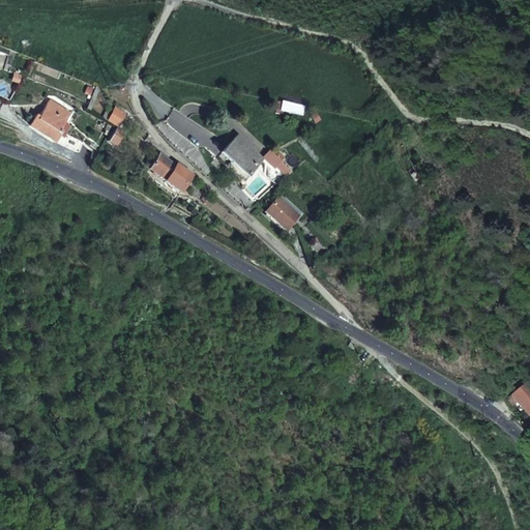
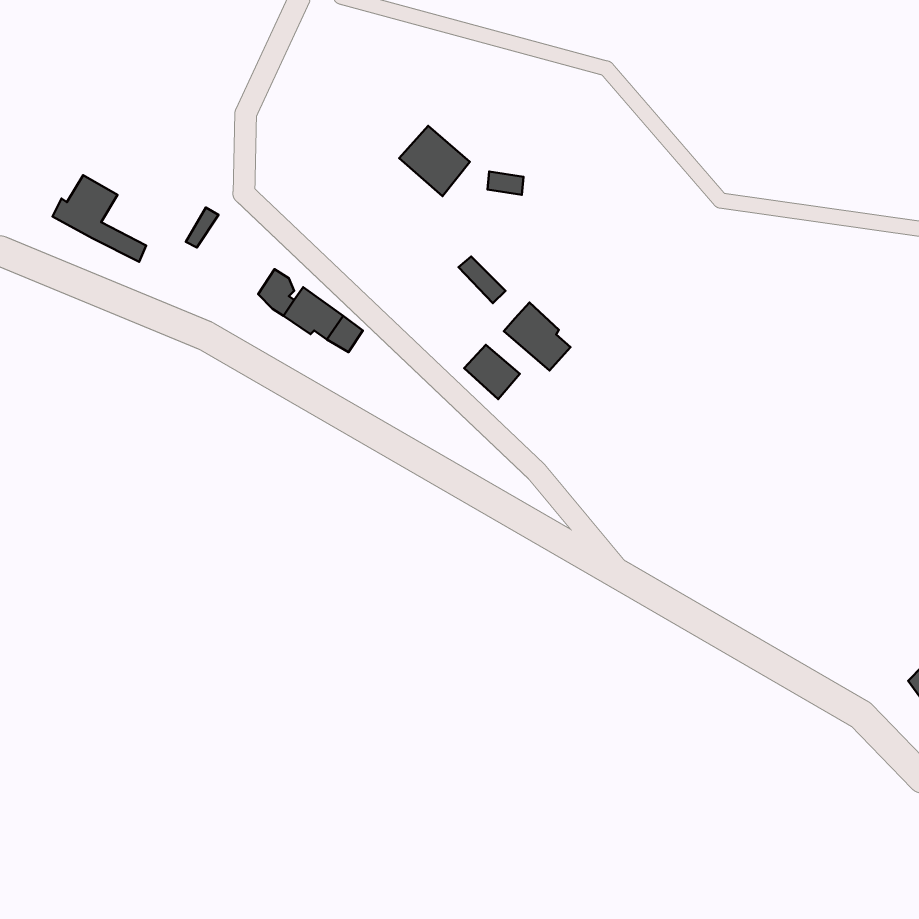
building: [218,134,259,174] -> [399,126,470,196]
building: none -> [504,303,570,371]

